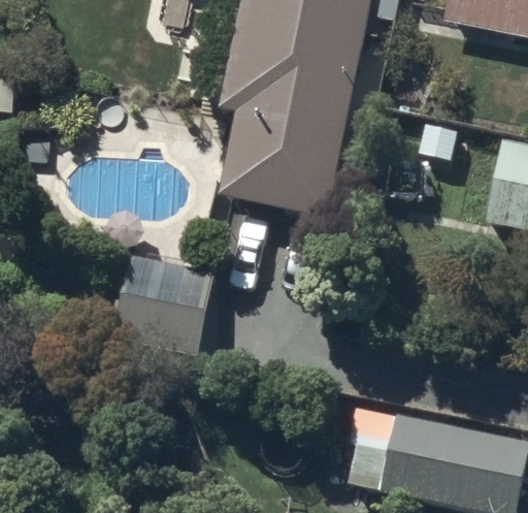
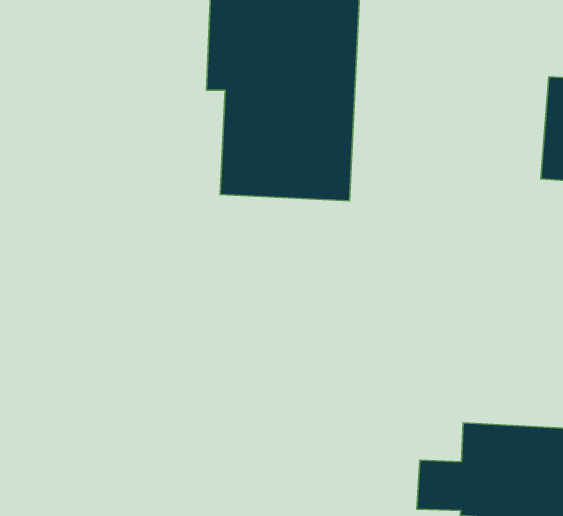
building: [114,257,212,357] -> none

